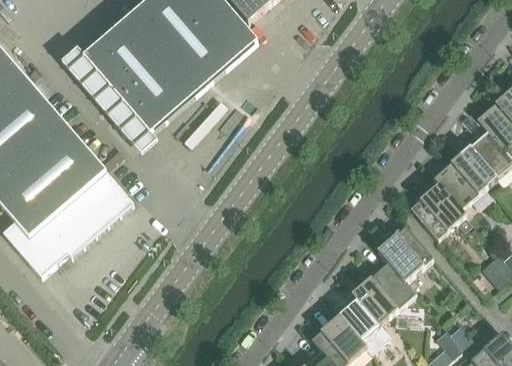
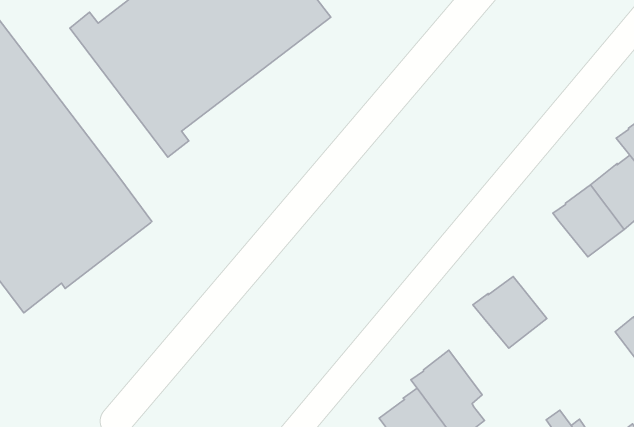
building: [411,183,466,239] -> none
building: [361,261,416,316] -> none

